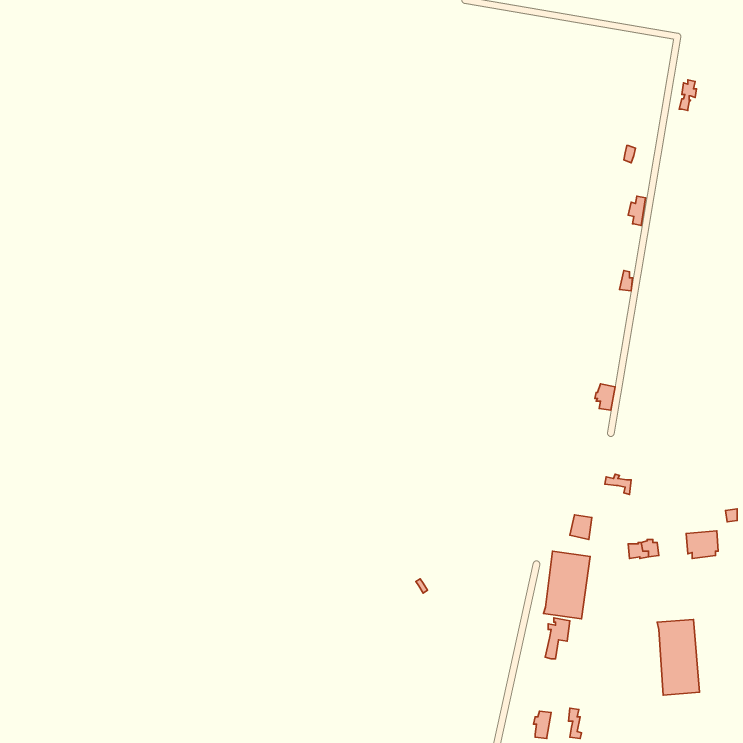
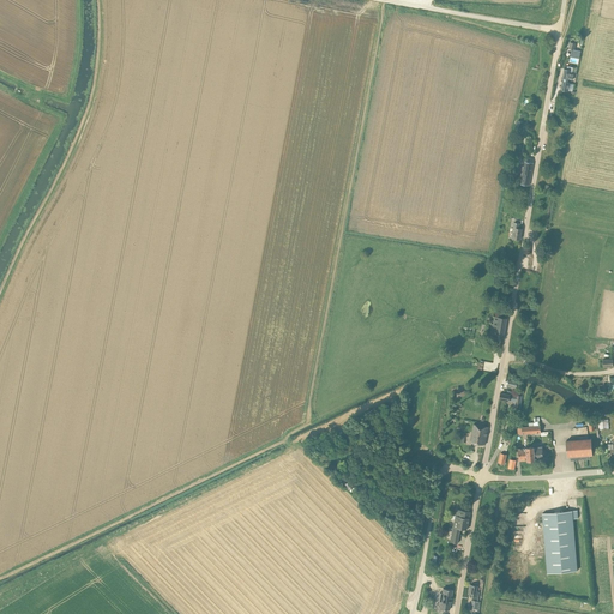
building: [544,551,590,619] -> none

